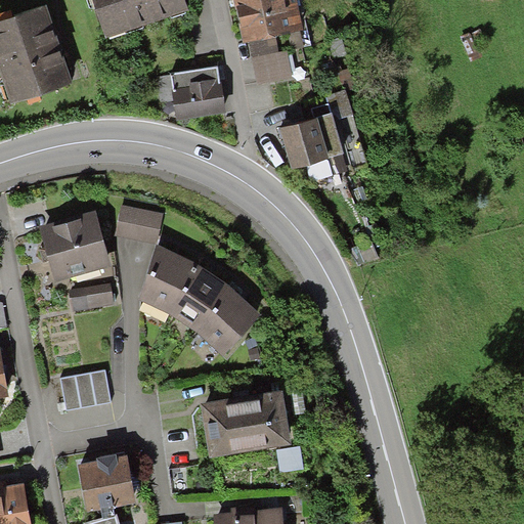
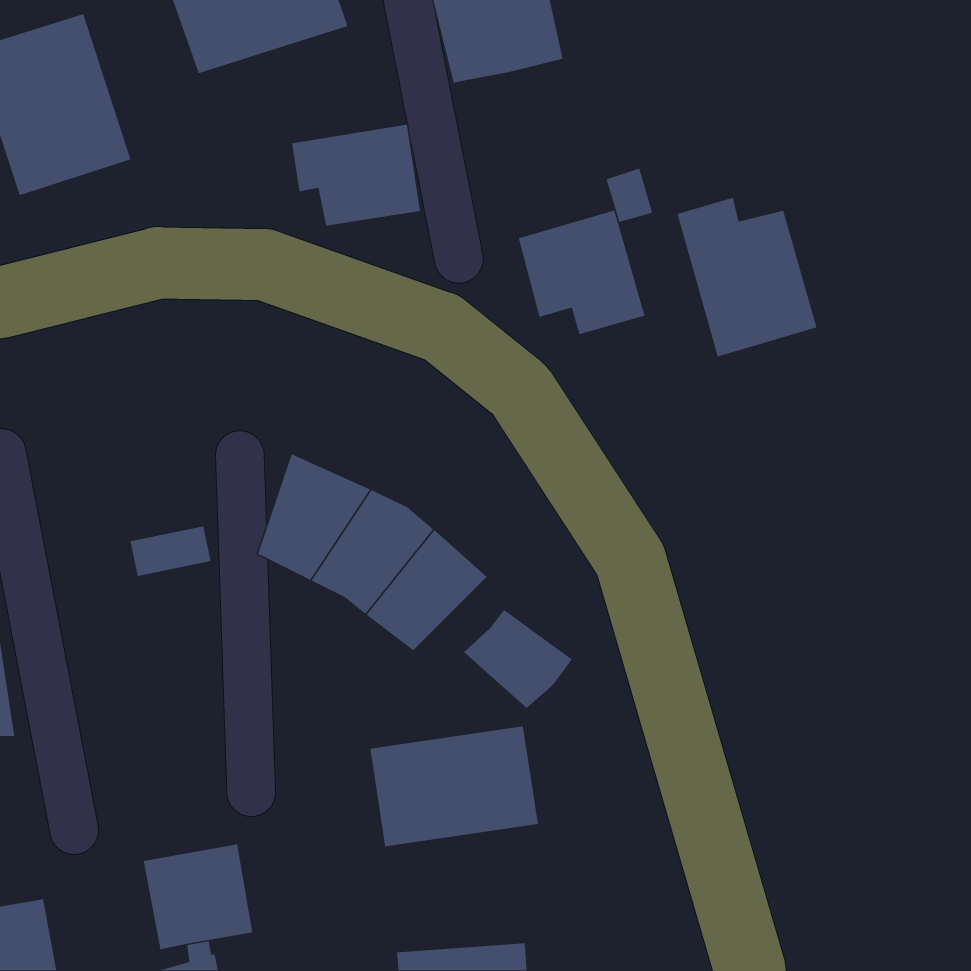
building: [248,39,292,86] -> none
building: none -> [677,197,818,357]
building: [116,205,162,243] -> none
building: [40,211,112,281] -> none
building: none -> [463,609,573,709]
building: [59,369,110,408] -> none

